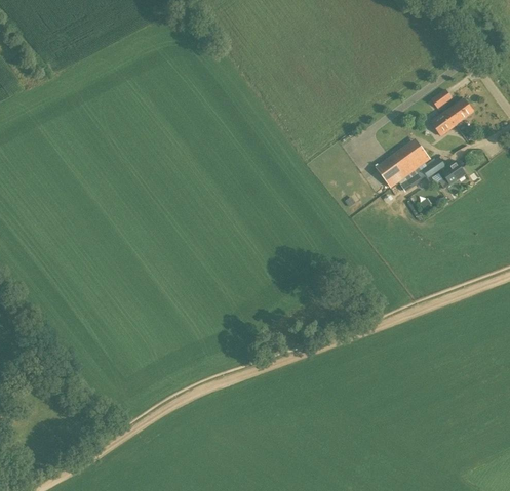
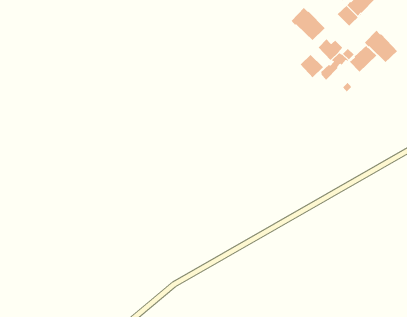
building: none -> [291,7,325,41]
building: none -> [364,30,398,63]

